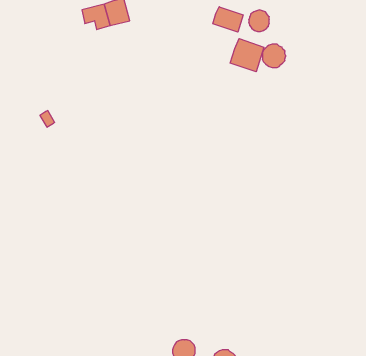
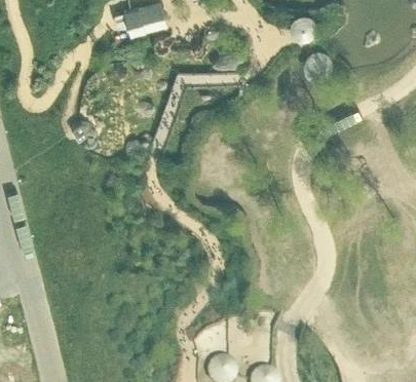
building: [213,7,243,32] -> none
building: [230,39,264,72] -> none

